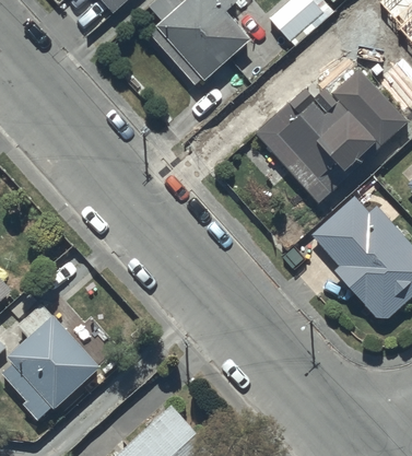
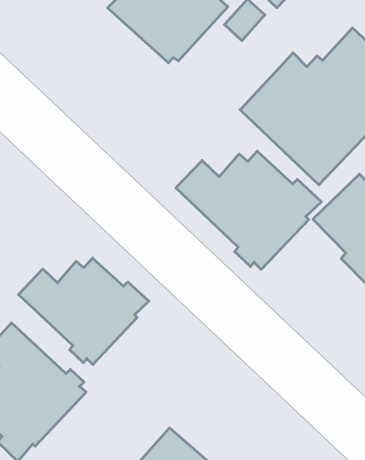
building: none -> [176,151,321,269]
building: none -> [18,258,149,365]

